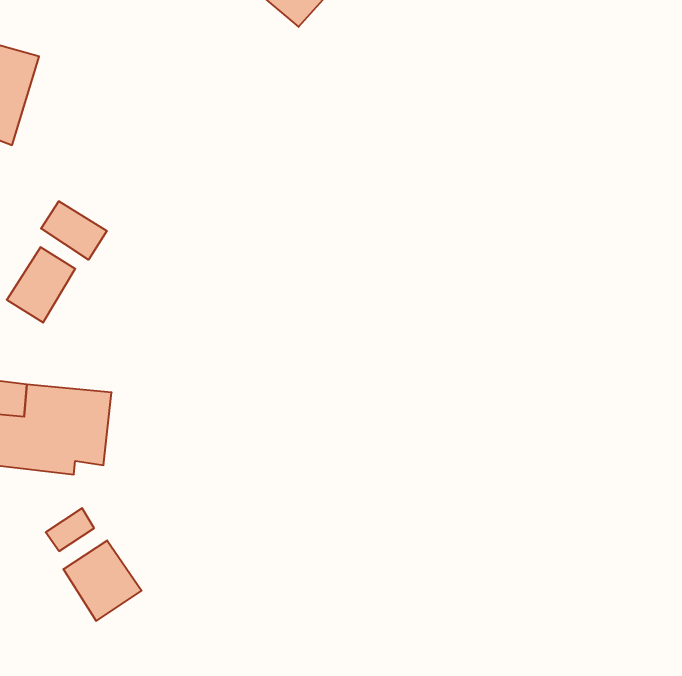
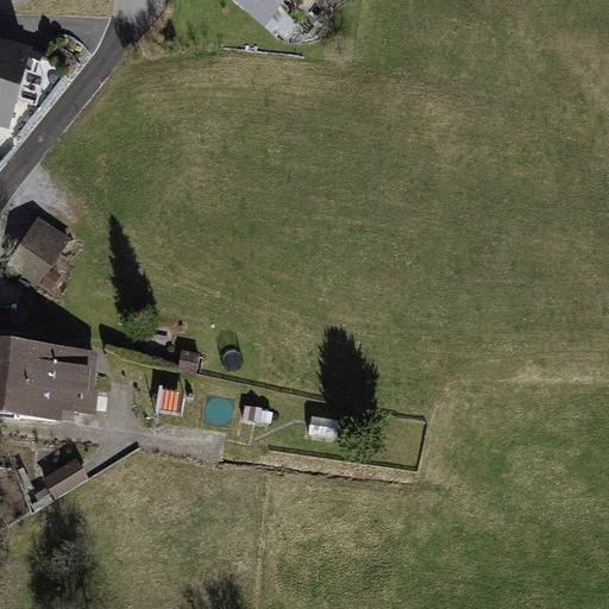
building: [41,201,107,260] -> none
building: [63,540,142,621] -> none

